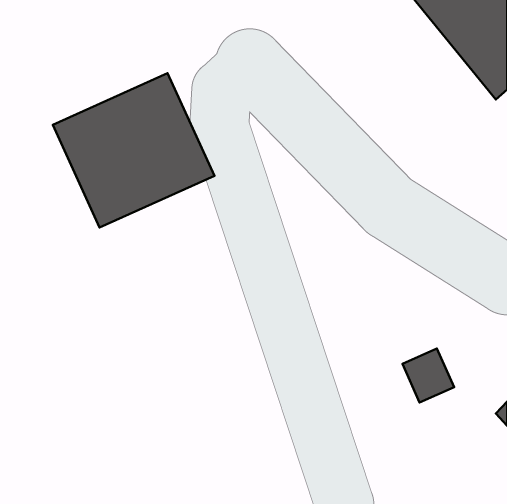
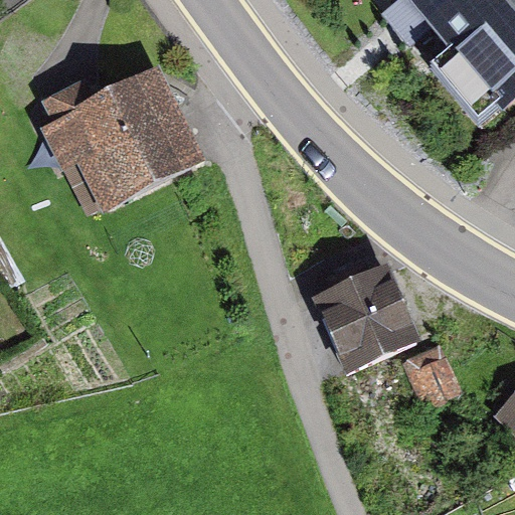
building: none -> [302,252,408,361]

